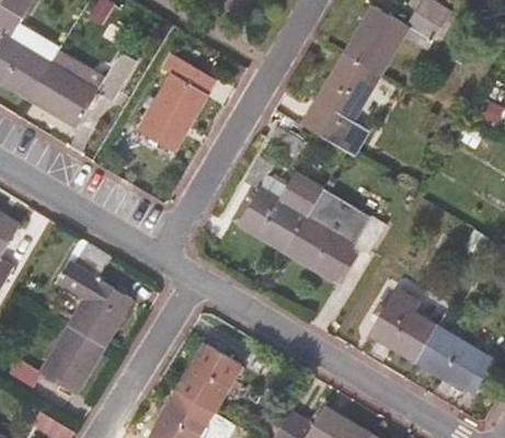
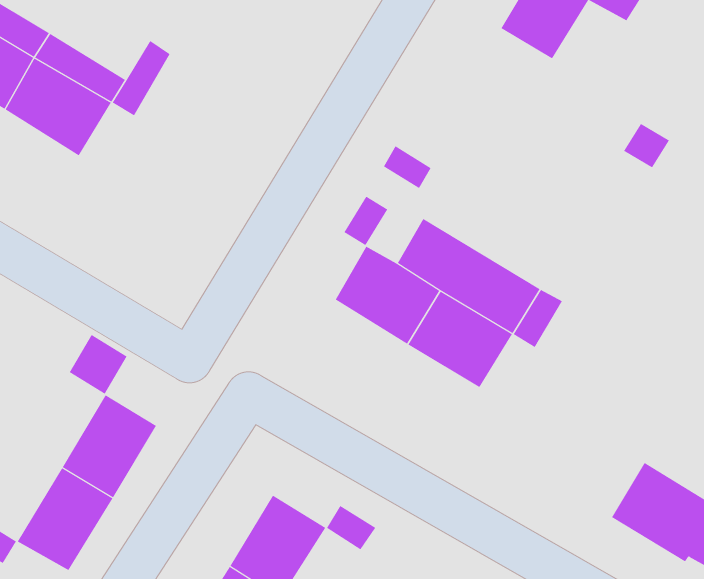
building: [302,50,380,151] -> none
building: [120,65,208,161] -> none
building: [371,290,438,360] -> none

